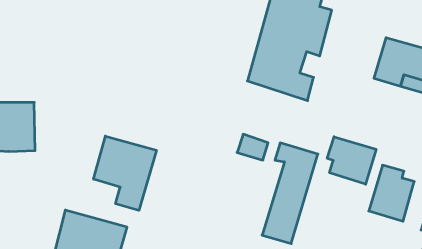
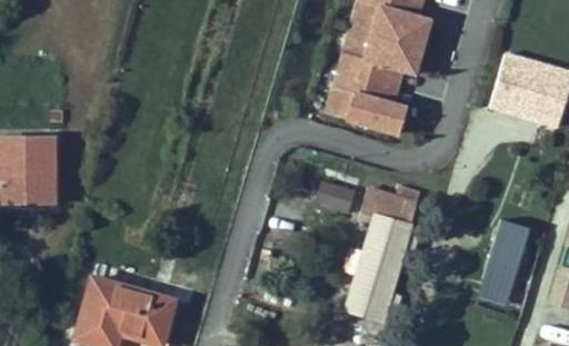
building: [94,136,156,210] -> none
building: [327,137,376,184] -> none

